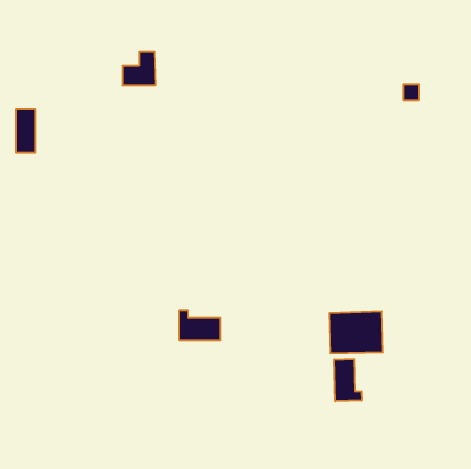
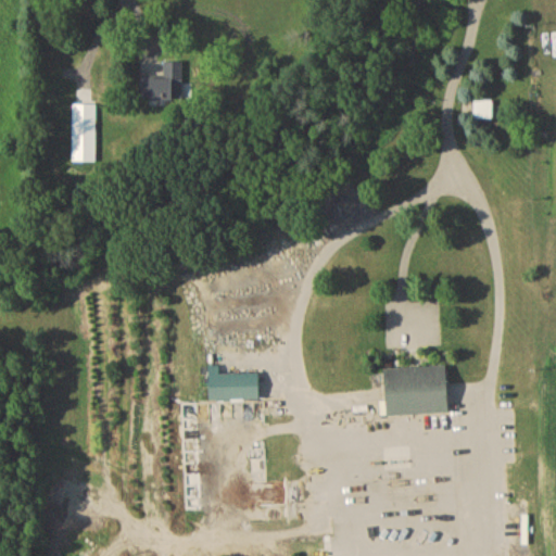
building: [16,109,35,153] -> [71,102,93,153]
building: [334,359,362,401] -> none

